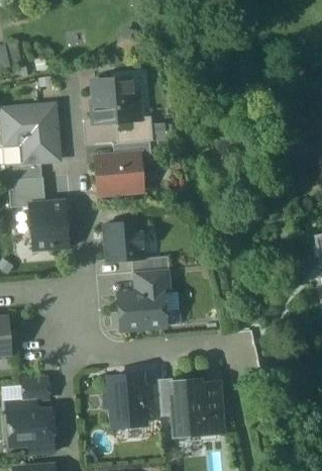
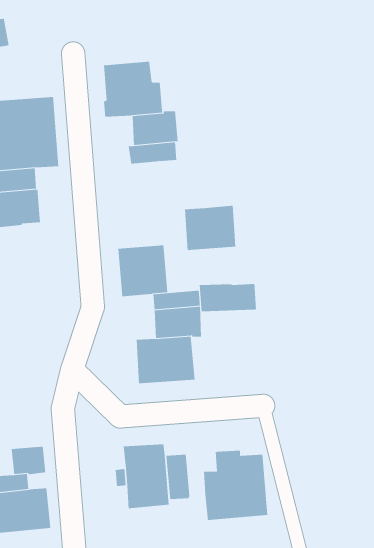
building: [98,156,138,191] -> [184,205,236,251]
building: [30,201,67,249] -> none
building: none -> [199,283,257,312]
building: [157,377,181,415] -> none

